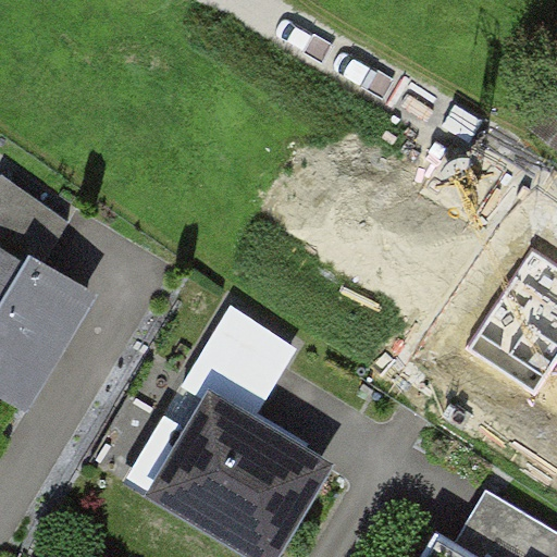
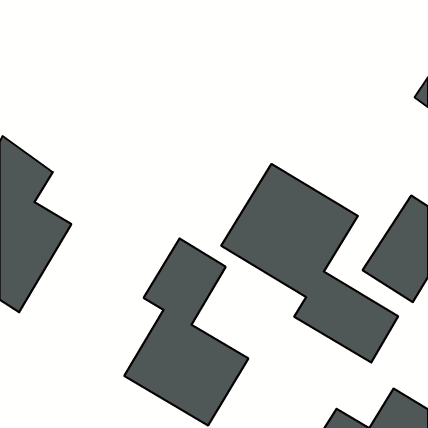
building: none -> [221,164,398,363]

